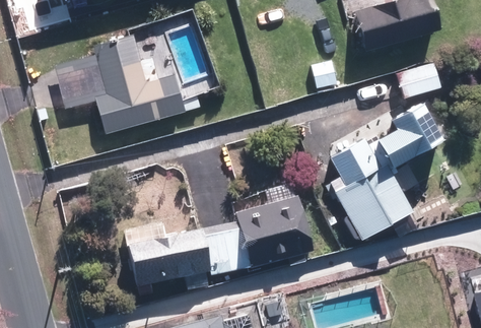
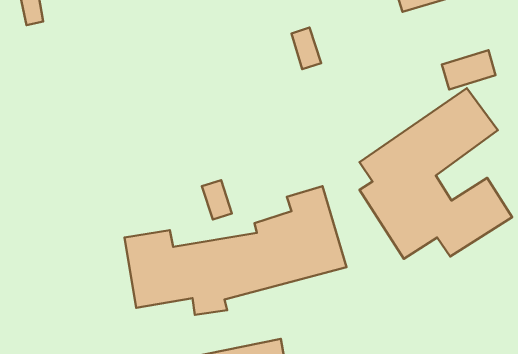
building: [57,39,185,133] -> none

